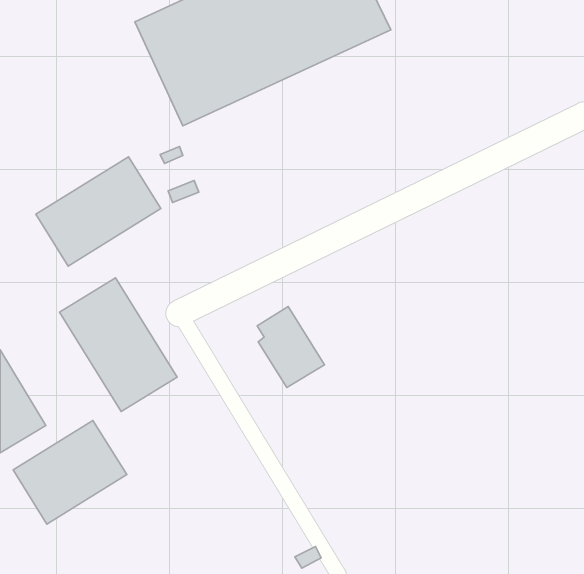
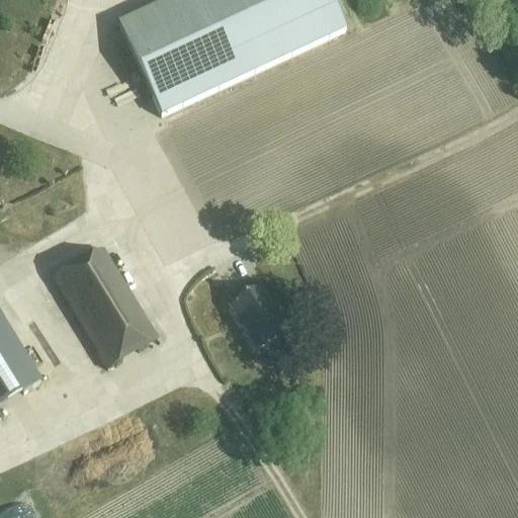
building: [36,157,161,266] -> none
building: [13,420,127,524] -> none

